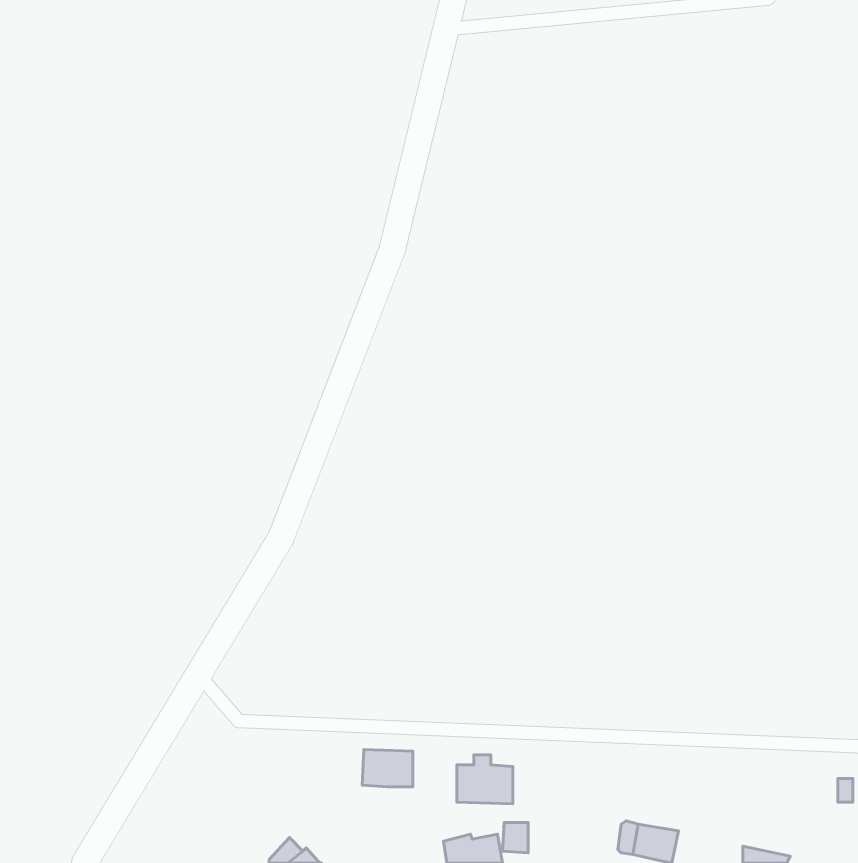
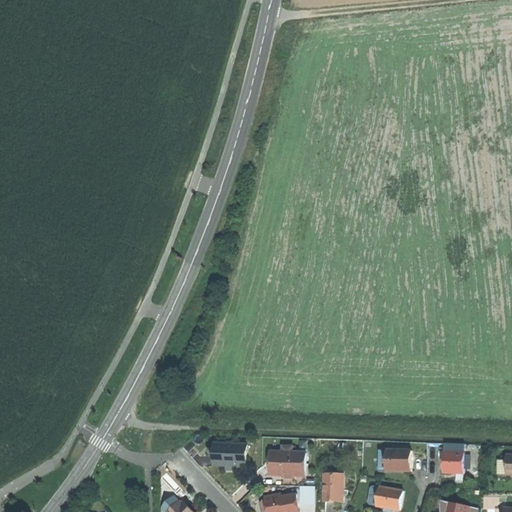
building: none -> [441,443,462,473]
building: none -> [384,450,409,470]
building: none -> [321,476,341,501]

